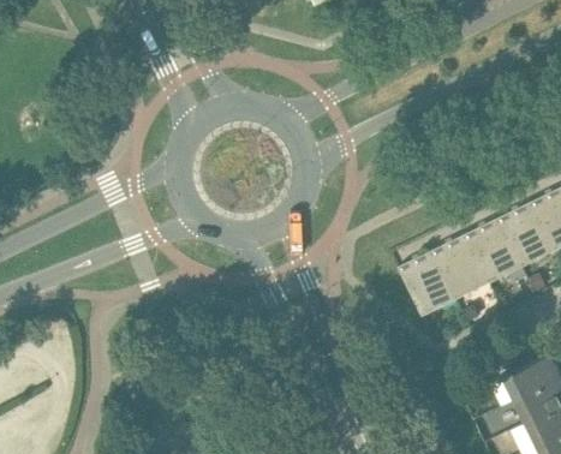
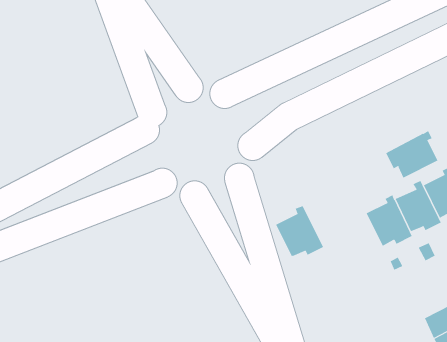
building: none -> [385,130,438,178]
building: [399,252,458,317] -> [273,206,324,262]

